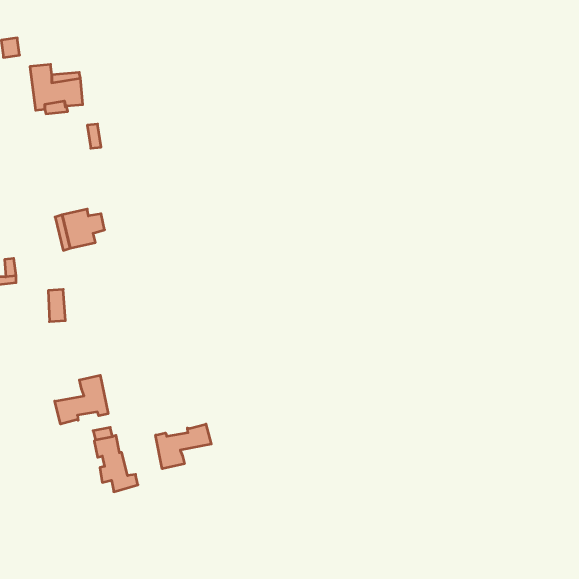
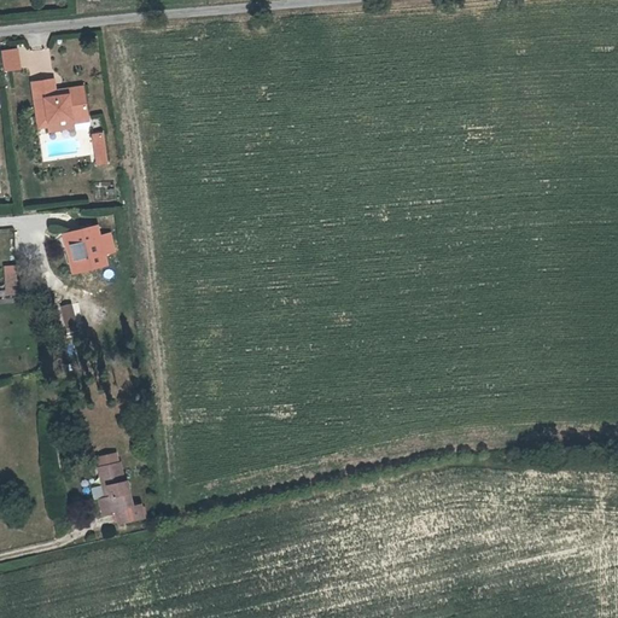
building: [55,375,108,424] -> none
building: [156,424,211,469] -> none

